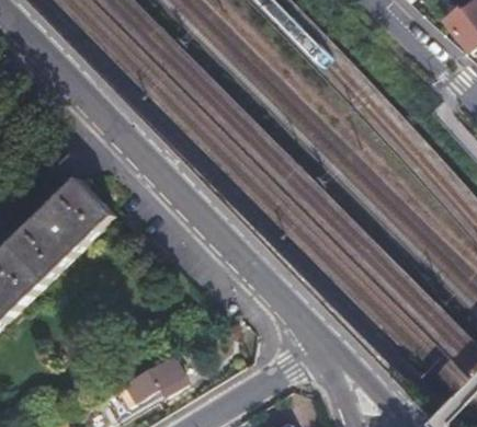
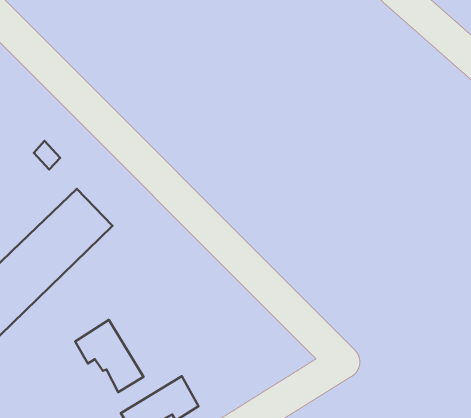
building: none -> [75,320,144,392]

